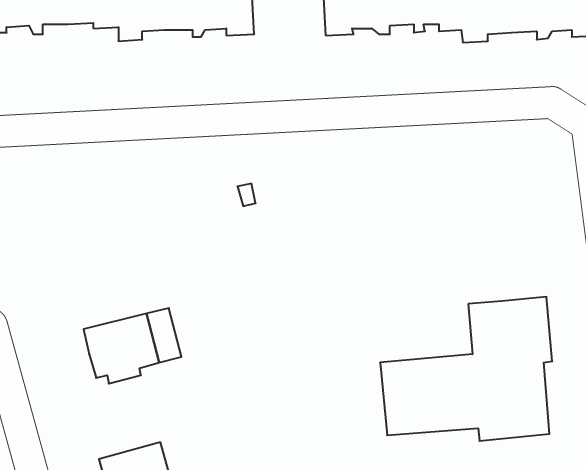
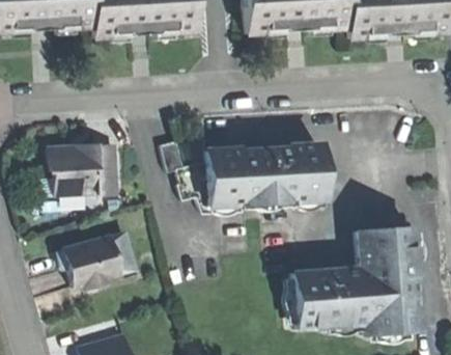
building: none -> [160,141,321,213]
building: none -> [52,143,119,192]

